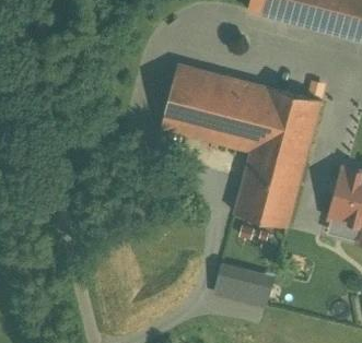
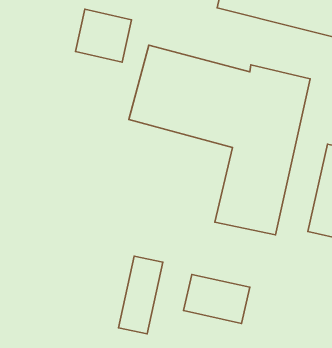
building: none -> [75,9,131,62]
building: none -> [118,256,163,334]

